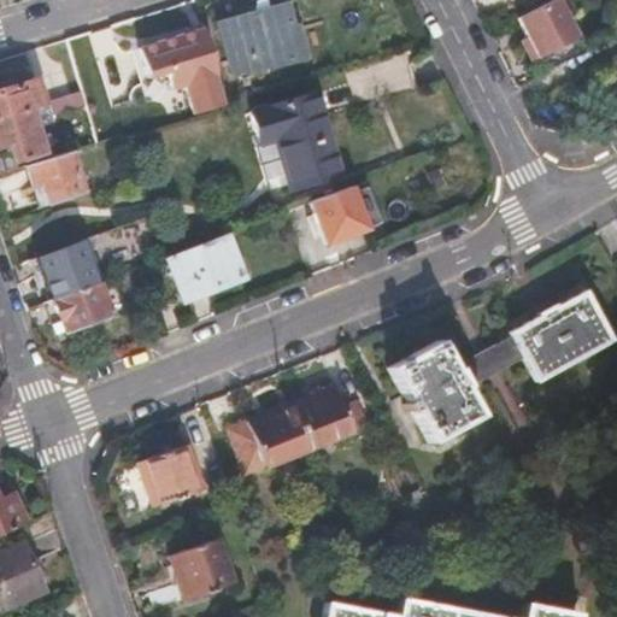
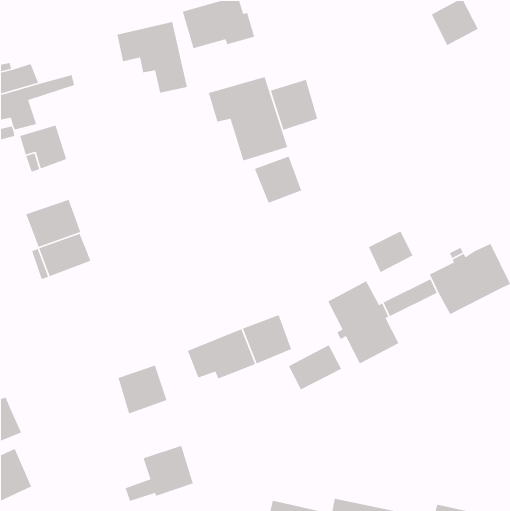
building: none -> [270,79,318,131]
building: [168,236,240,300] -> none
building: none -> [368,231,413,273]
building: none -> [288,344,342,390]

